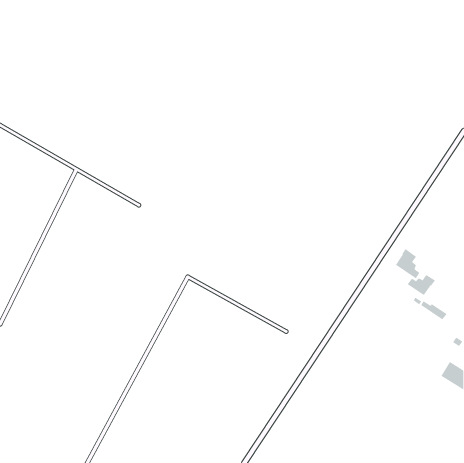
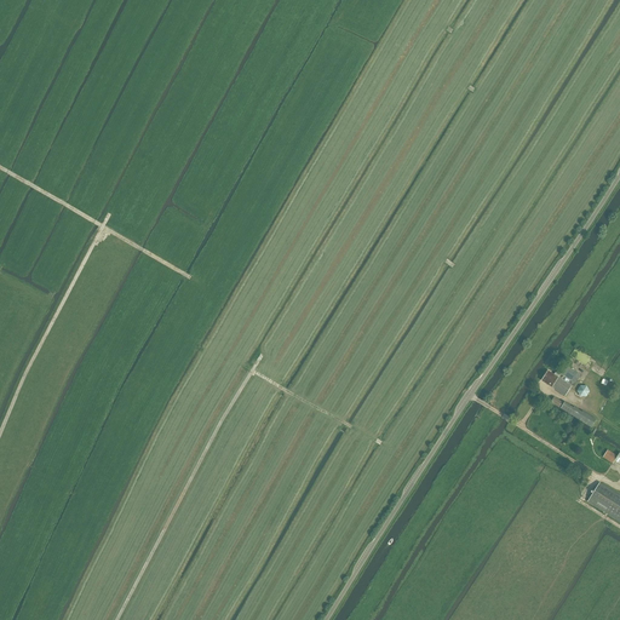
building: [395,248,420,279] -> none

